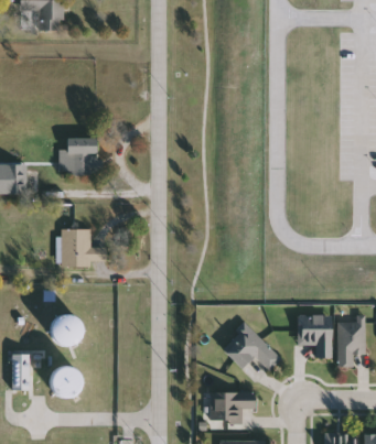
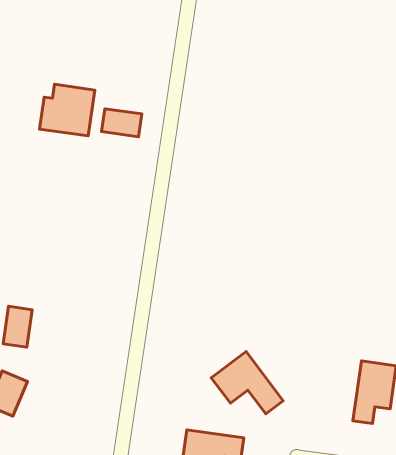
building: none -> [102,109,142,137]
building: [64,229,109,266] -> none
building: [298,314,331,357] -> none

